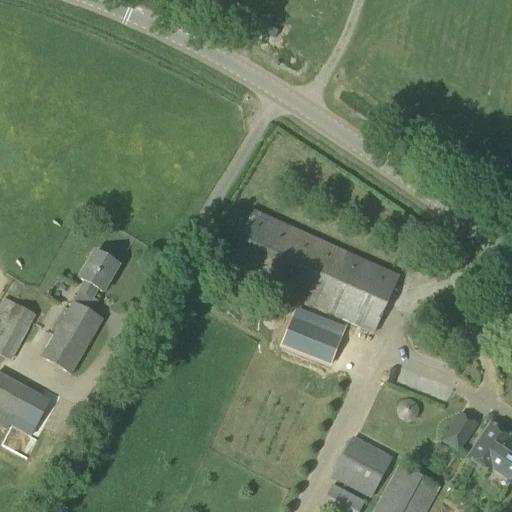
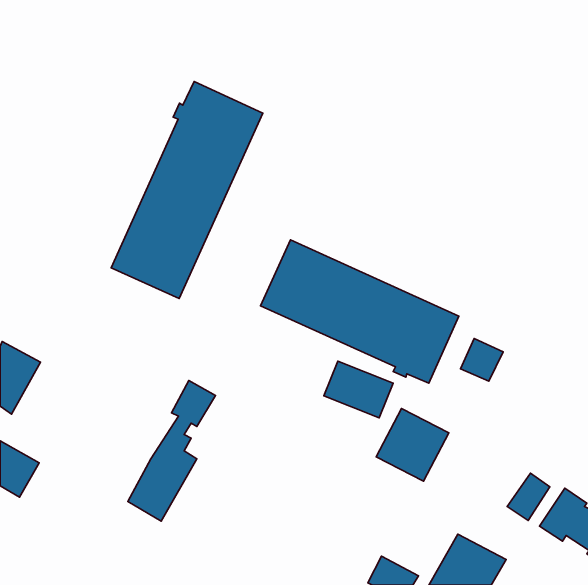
building: none -> [111,82,263,298]
building: [42,250,118,372] -> [128,380,215,521]
building: none -> [461,338,503,381]
building: [330,434,393,497] -> [376,409,449,481]

